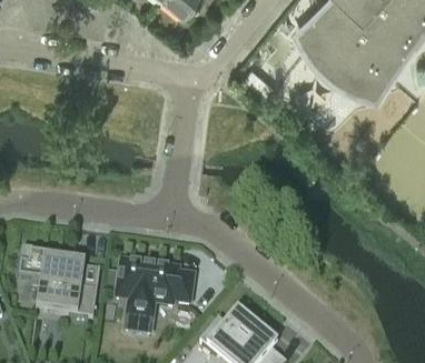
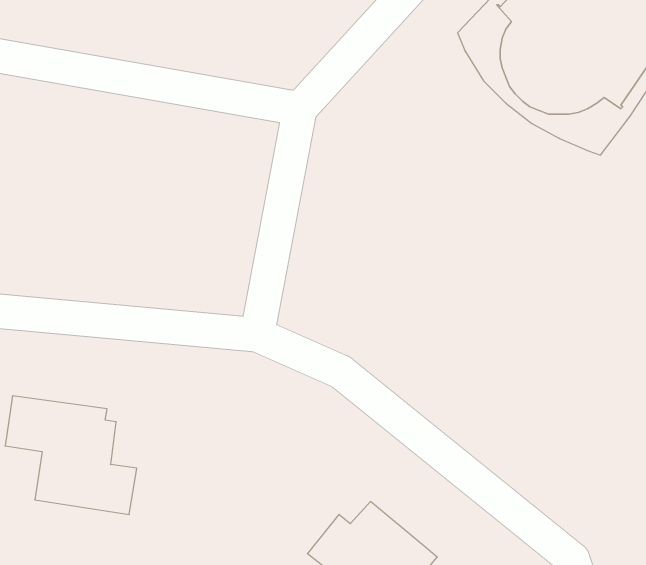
building: [117,262,192,317] -> none

